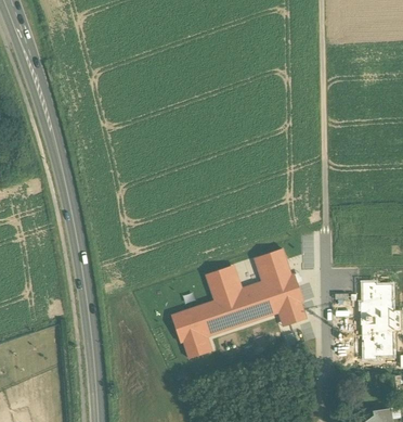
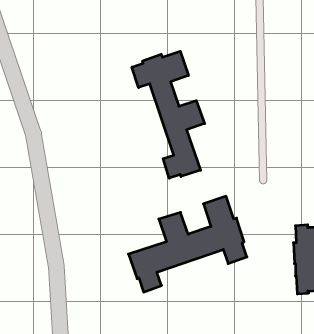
building: none -> [132,51,205,178]

